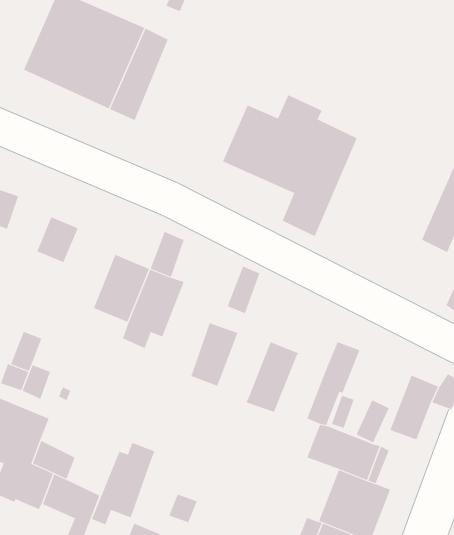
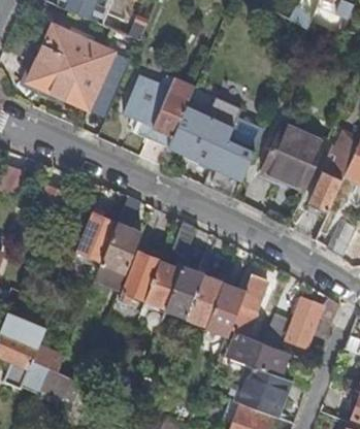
building: none -> [123,76,193,166]
building: none -> [261,124,326,190]
building: none -> [165,265,202,316]
building: none -> [205,284,242,334]
building: [91,442,155,525] -> [117,246,162,305]

